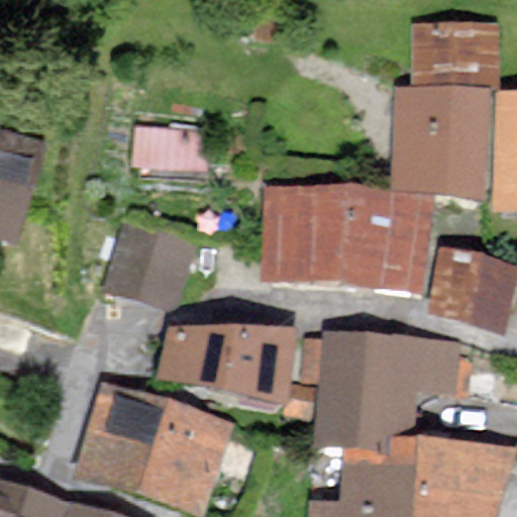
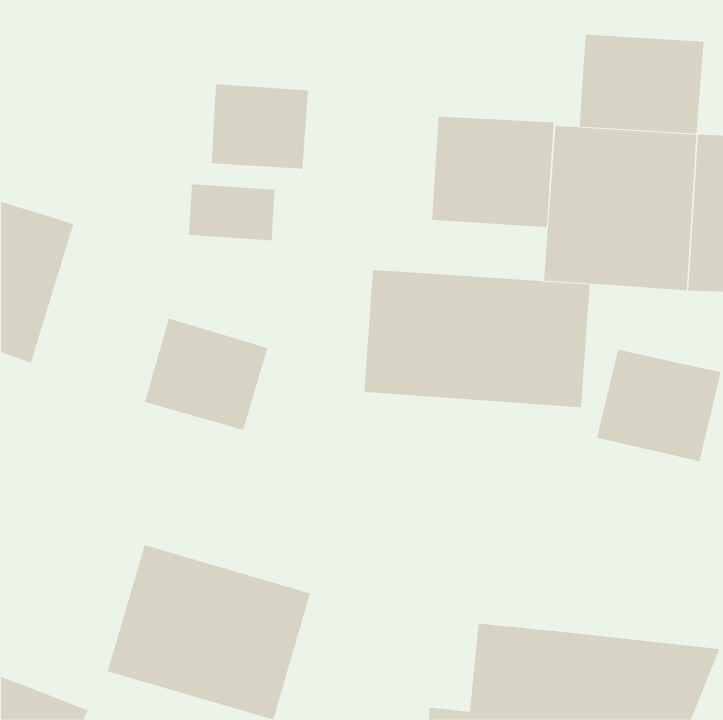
building: none -> [211,83,309,170]
building: none -> [432,116,554,228]
building: [164,333,289,386] -> none
building: [310,334,467,447] -> none

